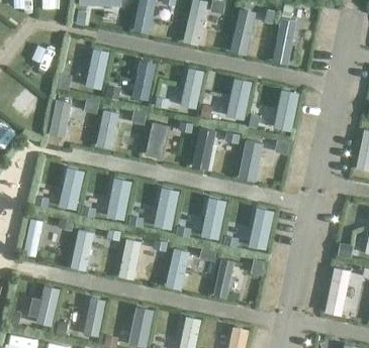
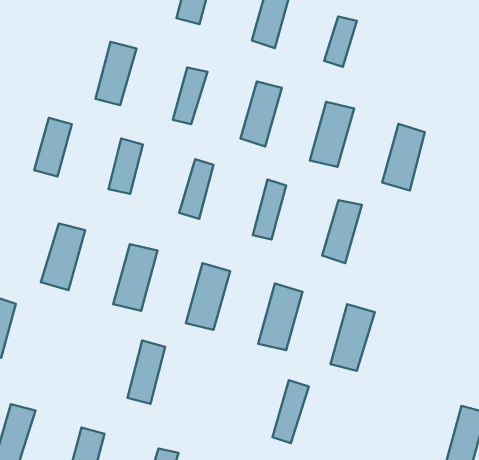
building: [272,18,296,65] -> none
building: [70,229,94,270] -> none
building: [165,248,189,289] -> none

